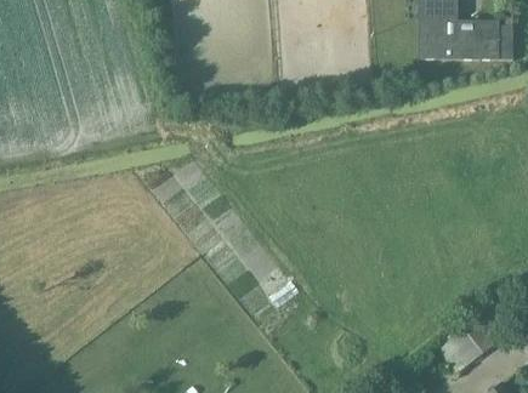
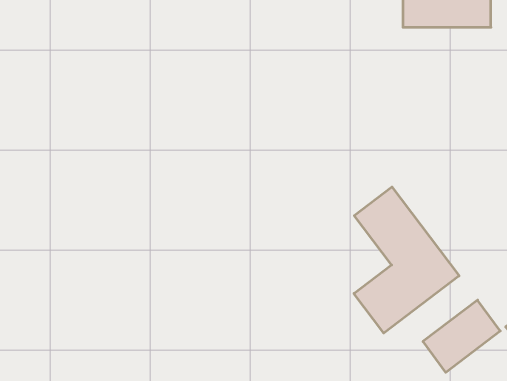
building: none -> [354,187,459,333]

